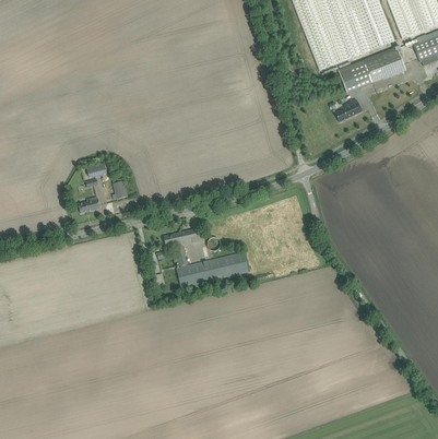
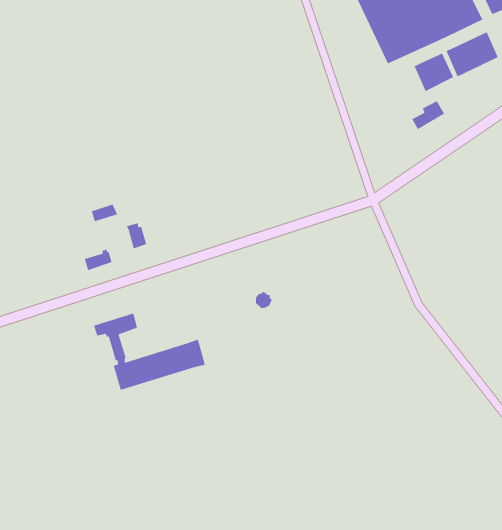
building: [164,228,248,287] -> [93,313,206,391]

